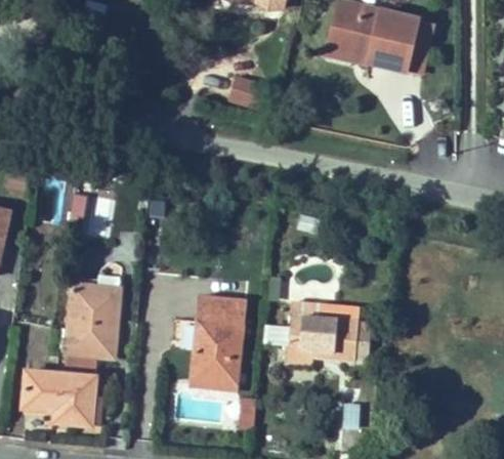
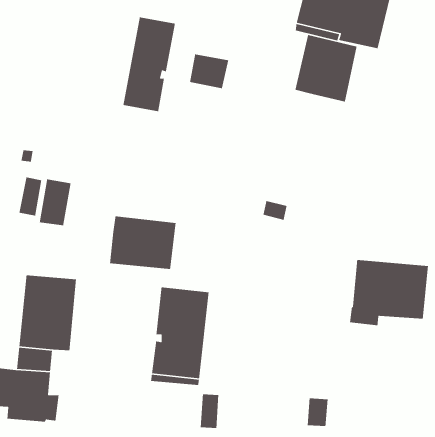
building: none -> [123,16,176,112]
building: none -> [294,34,358,102]
building: none -> [109,216,176,270]
building: [285,302,361,366] -> [349,259,429,326]

